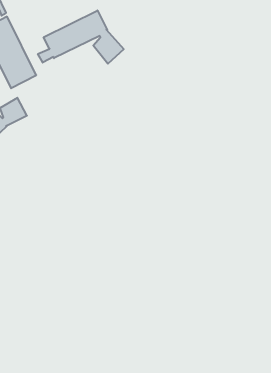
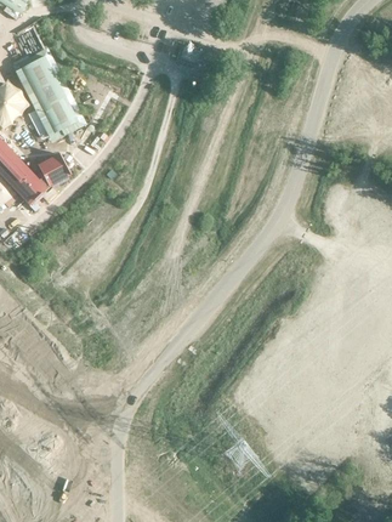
building: [38,10,124,64] -> none

